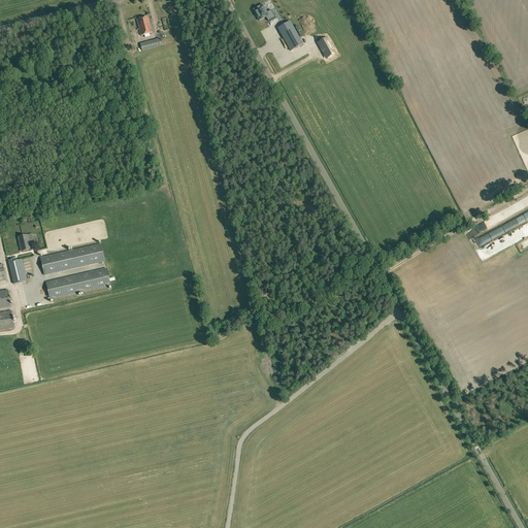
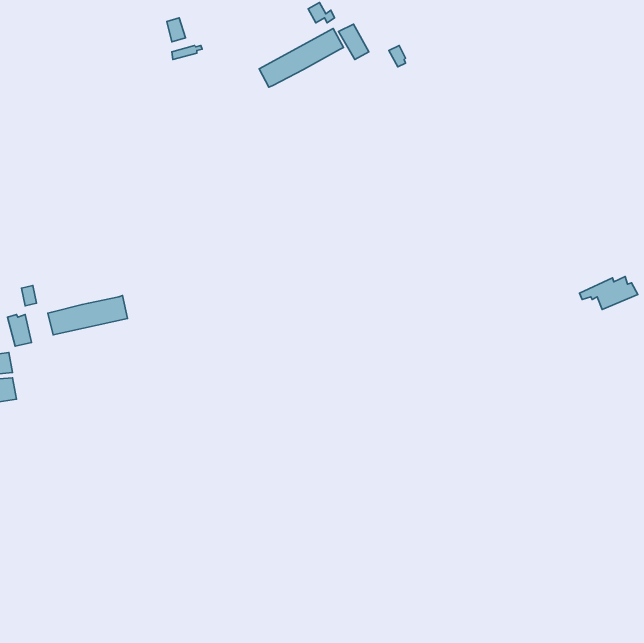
building: none -> [259,28,344,87]
building: [45,266,110,299] -> none

